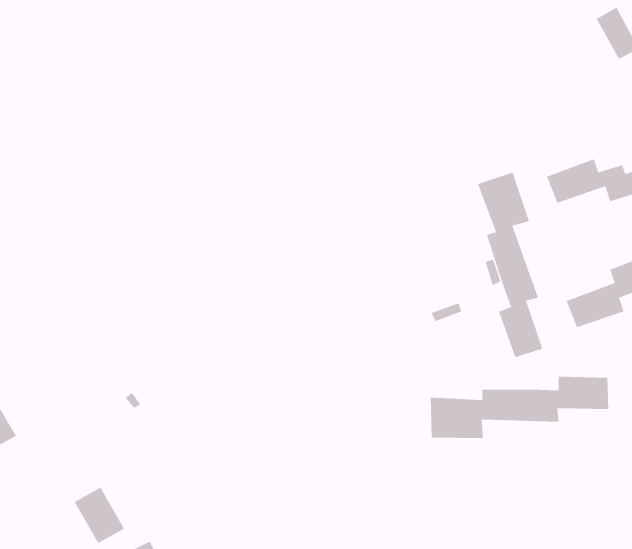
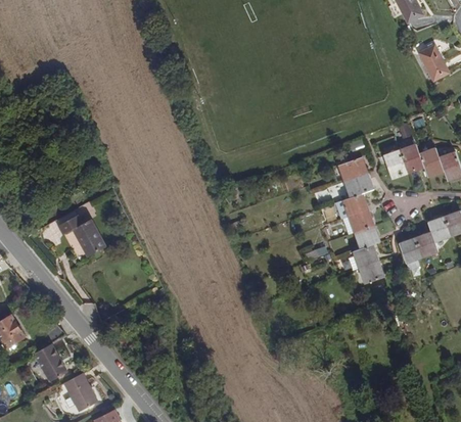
building: none -> [58,216,106,257]
building: [430,376,609,439] -> none
building: none -> [34,342,67,380]

